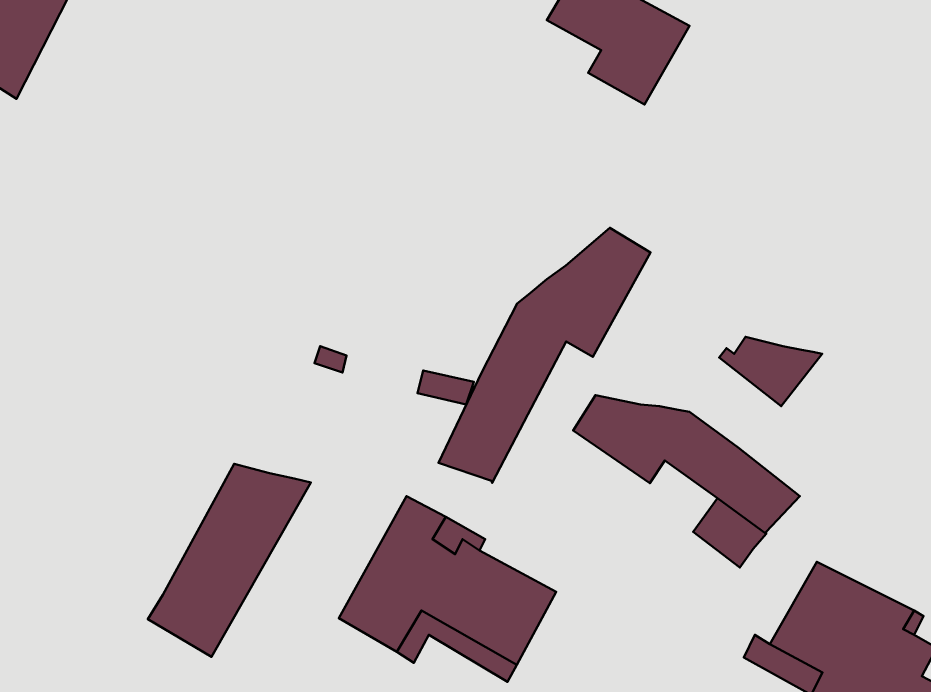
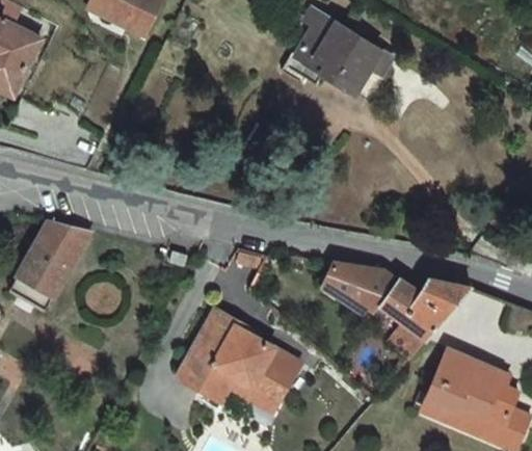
building: none -> [291,51,334,88]
building: [438,228,651,483] -> none
building: [719,337,822,406] -> [409,276,467,315]
building: [148,464,311,657] -> [10,201,101,308]

